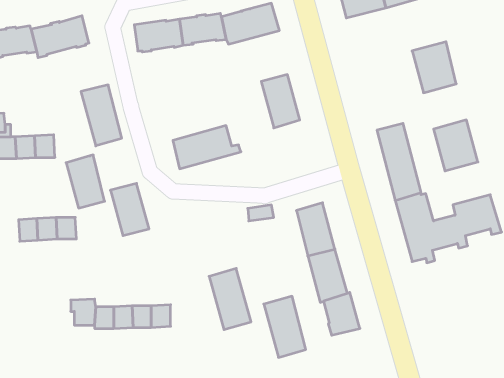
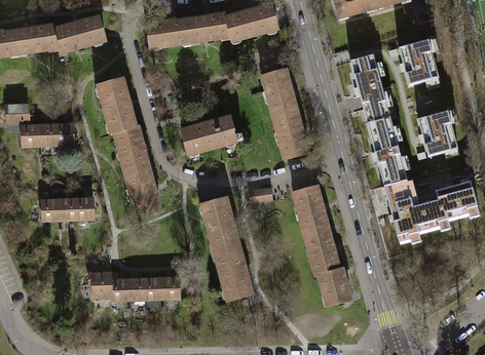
building: none -> [348,50,389,119]
building: none -> [272,110,307,158]
building: [66,155,105,208] -> [113,125,148,173]
building: [264,296,306,357] -> [200,196,238,251]

